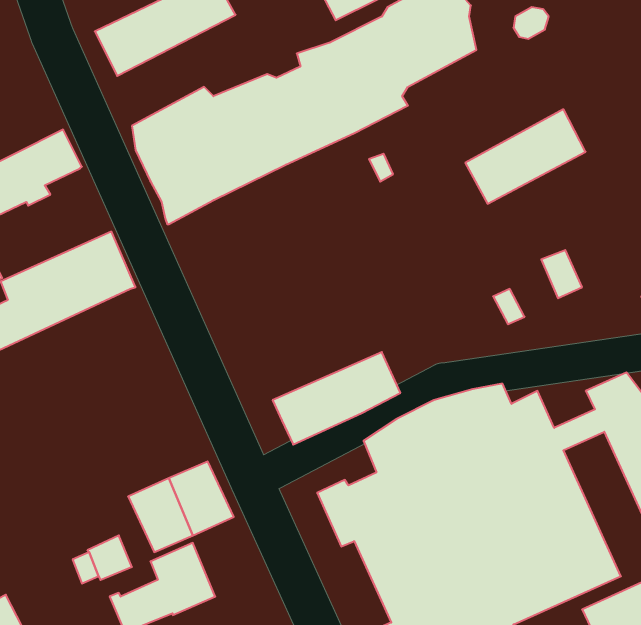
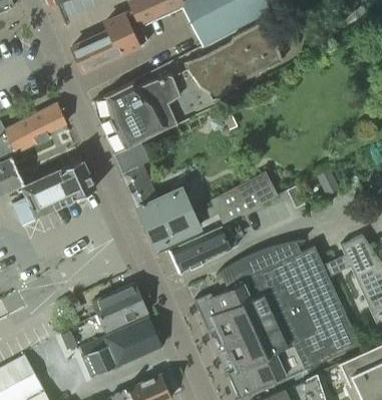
building: [465,109,586,204] -> [213,171,278,223]
building: none -> [114,141,200,249]
building: none -> [127,317,162,356]

